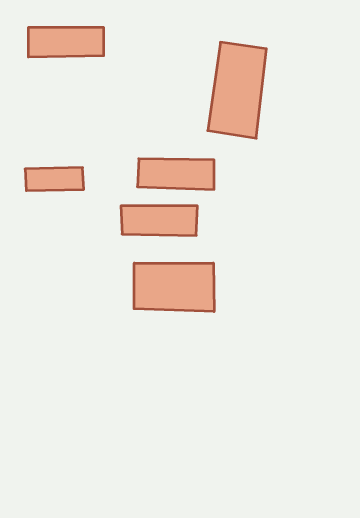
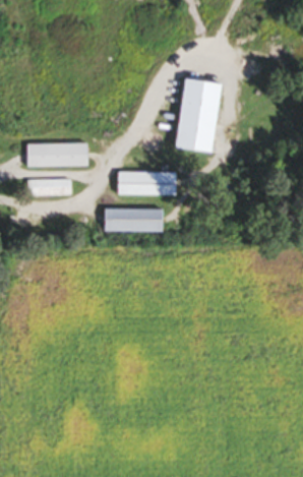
building: [28,28,104,57] -> [27,143,87,167]
building: [134,263,214,312] -> none

